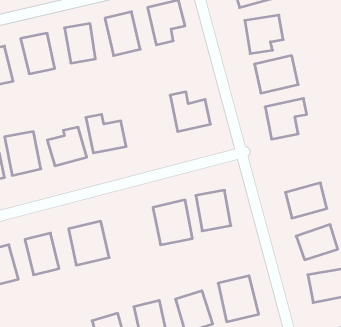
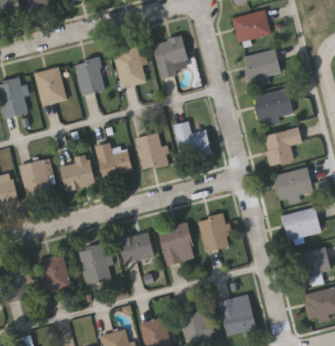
building: none -> [135,133,167,170]
building: none -> [272,167,313,207]
building: none -> [119,232,155,264]

